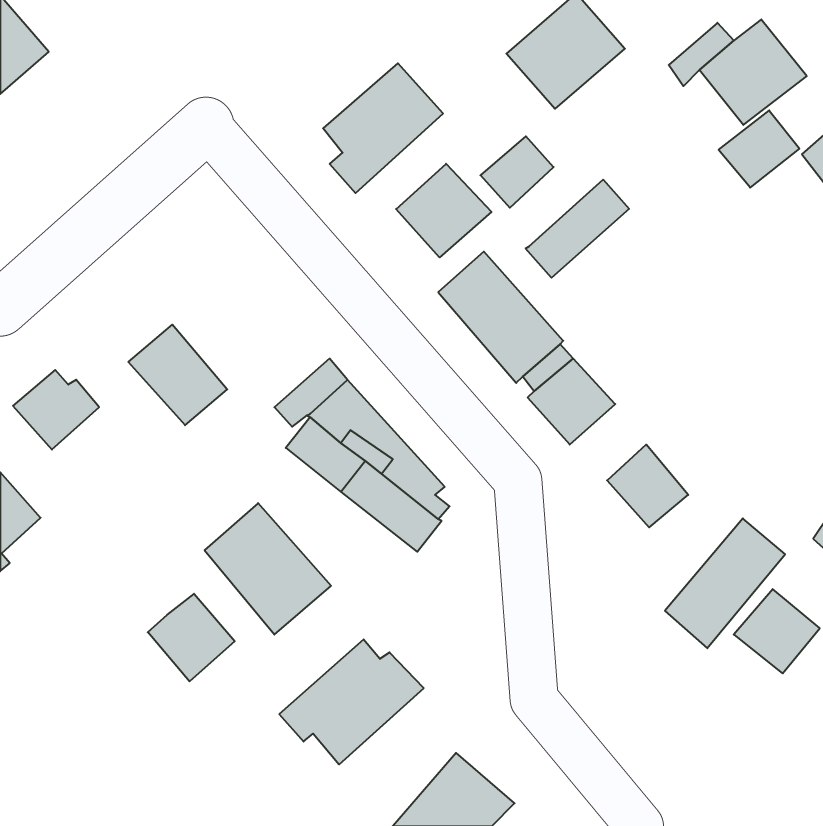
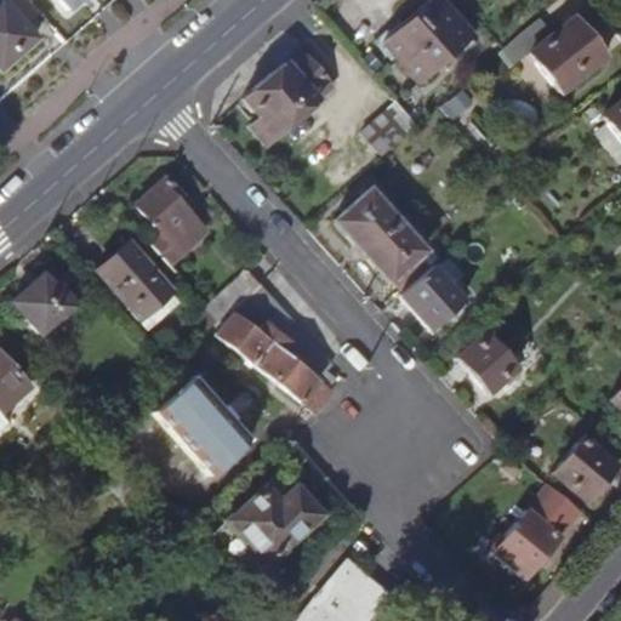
building: [719,110,799,188] -> none
building: [396,164,491,257] -> none
building: [526,180,629,278] -> none
building: none -> [137,175,212,264]
building: [665,518,785,648] -> [494,485,583,582]
building: [148,594,235,681] -> none

